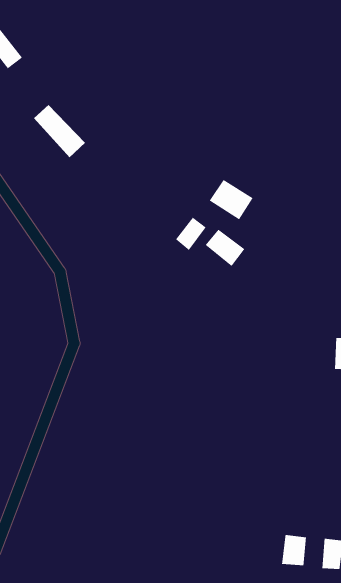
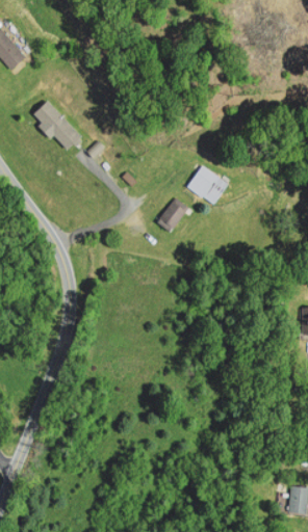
building: [205,229,245,267] -> none
building: [281,534,307,566] -> none

